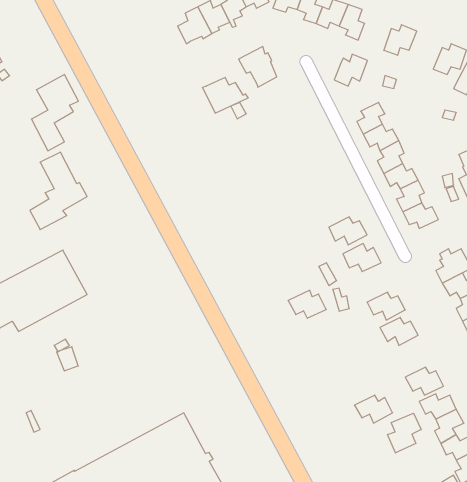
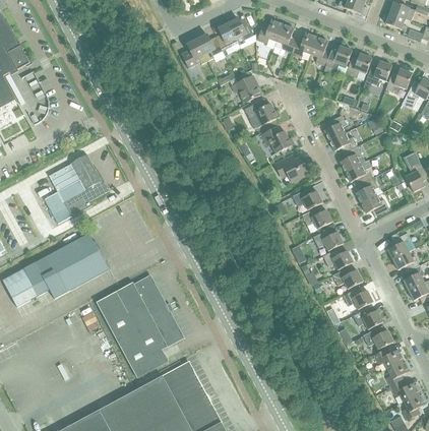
building: none -> [365,60,392,85]
building: [334,54,367,86] -> [325,45,352,70]
building: [31,74,78,151] -> [45,163,82,224]
building: [202,77,248,113] -> [244,100,281,128]
building: none -> [261,127,294,152]
building: none -> [274,157,309,182]
building: none -> [293,187,322,209]
building: [288,290,326,318] -> [322,247,353,269]
building: none -> [97,275,183,377]
building: [354,395,393,423] -> [353,307,383,329]
building: [388,413,421,453] -> none

